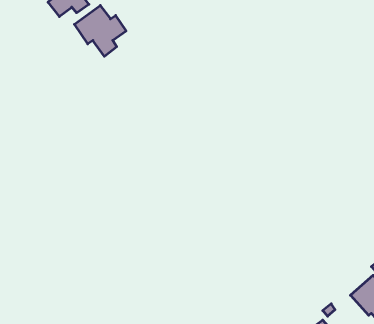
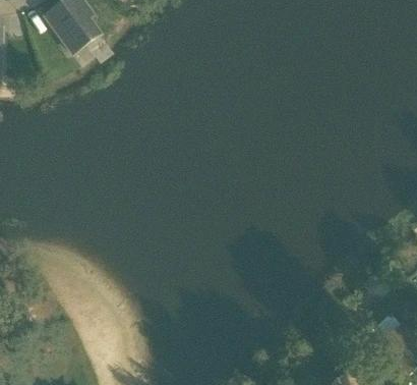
building: [74,5,126,56] -> none

